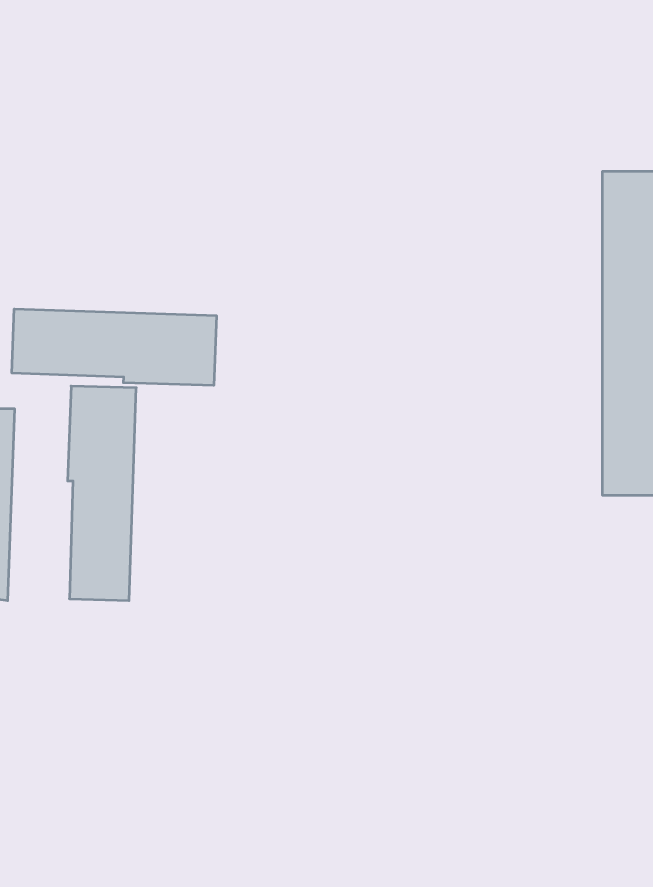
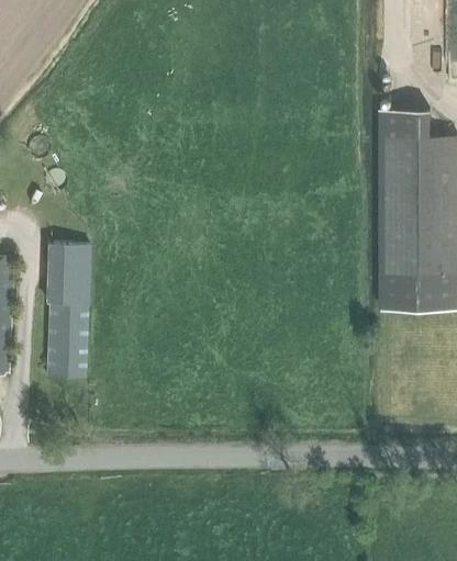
building: [12,309,216,385] -> none

